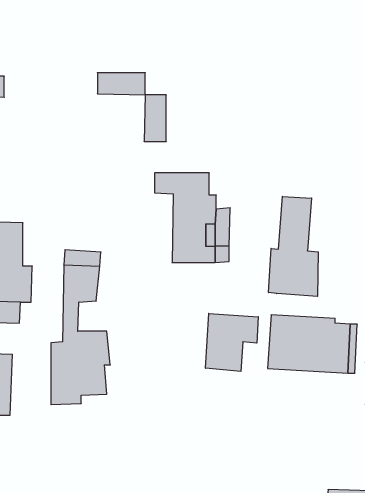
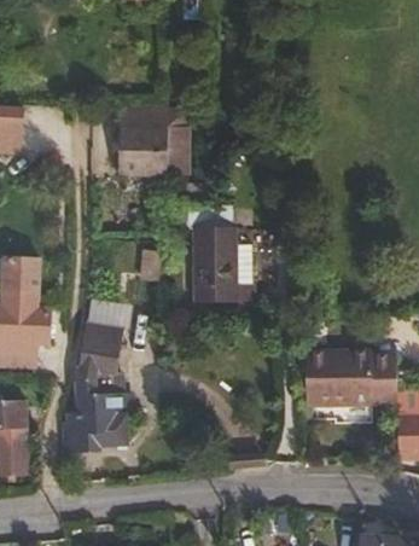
building: none -> [118,129,168,179]
building: [269,196,318,296] -> none
building: [206,313,258,371] -> none

